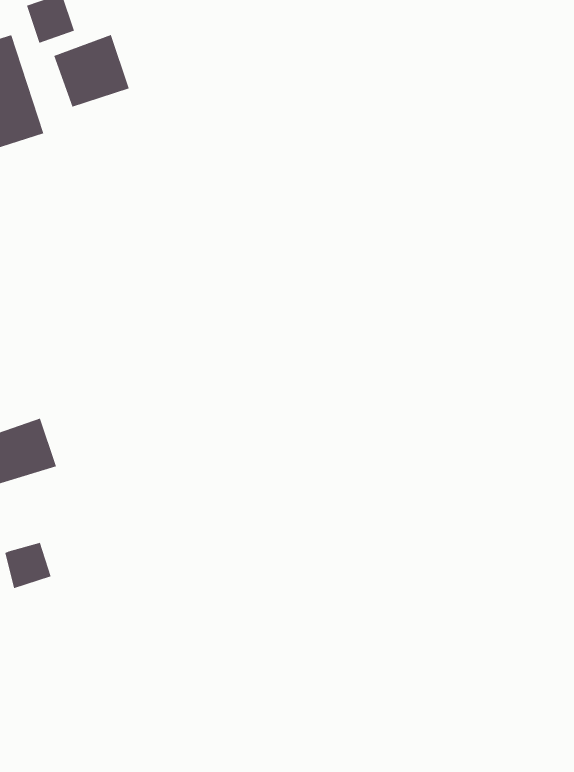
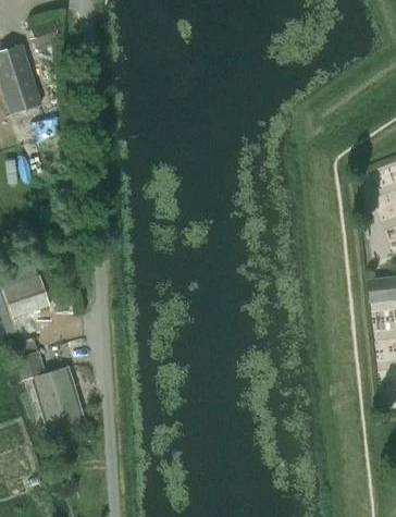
building: [54,34,129,107] -> none
building: none -> [34,367,84,433]

